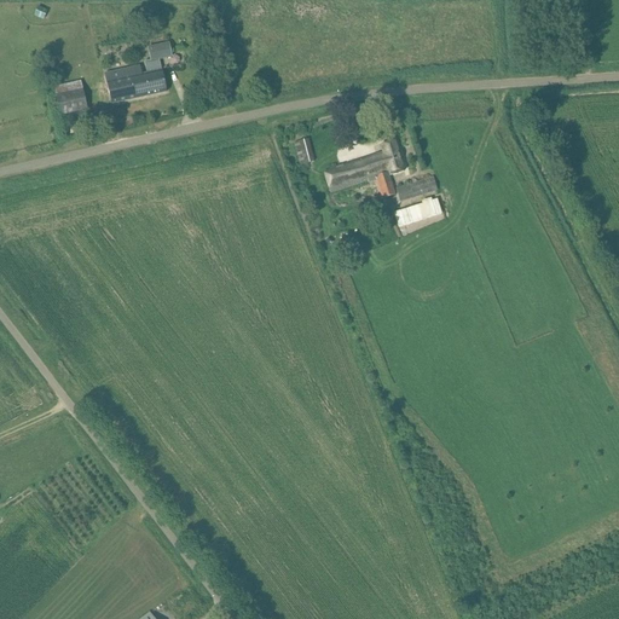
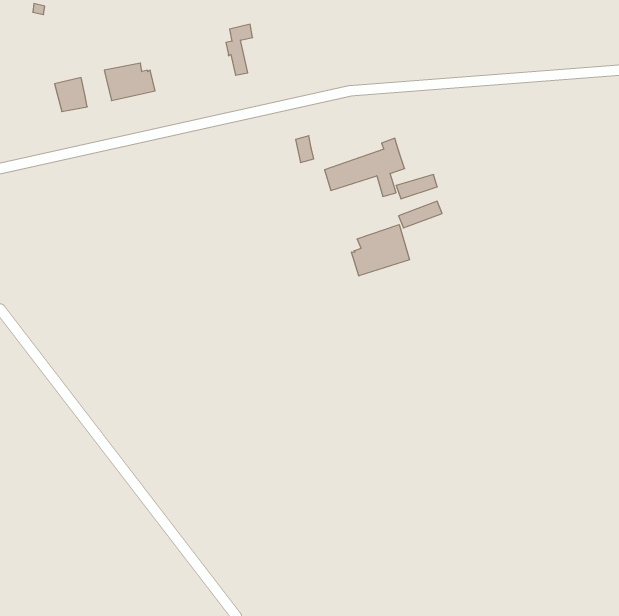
building: [145,40,172,91] -> [226,24,253,75]
building: none -> [352,225,410,276]

